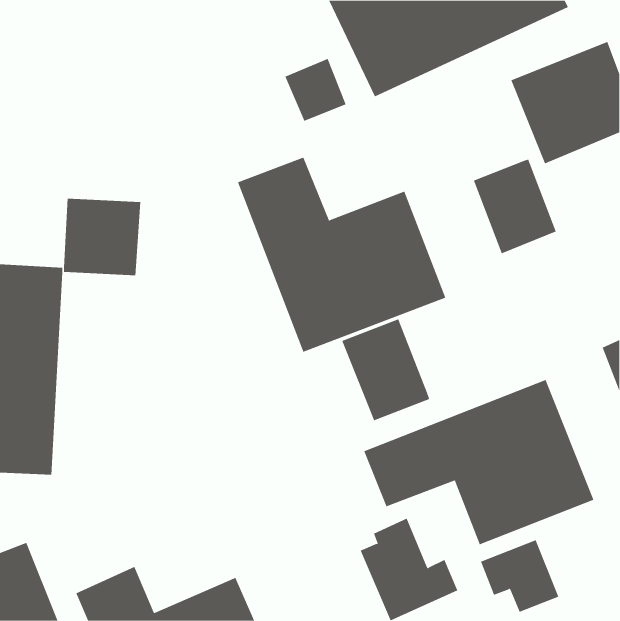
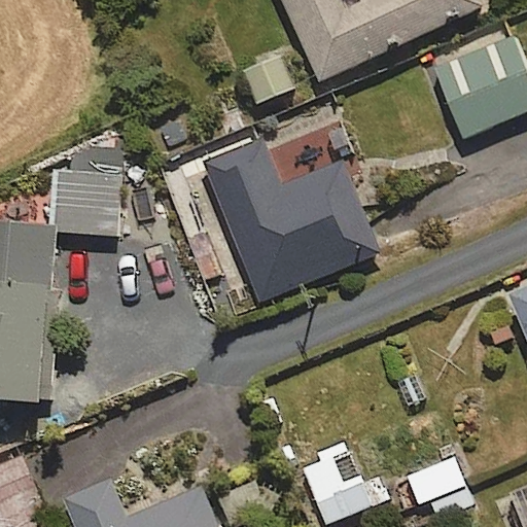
building: [473,159,557,254] -> none
building: [342,318,430,421] -> none
building: [364,379,594,545] -> none

